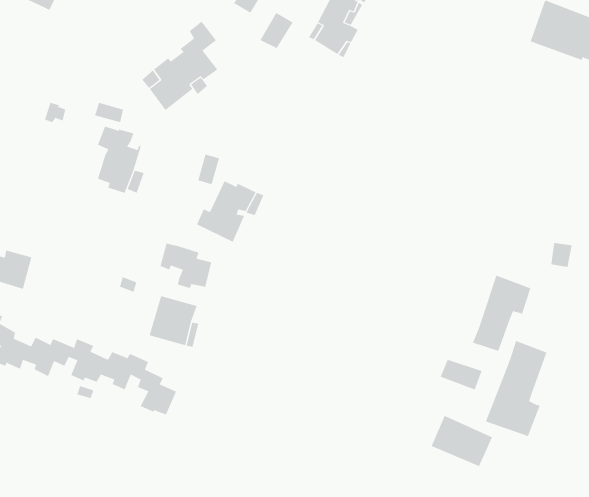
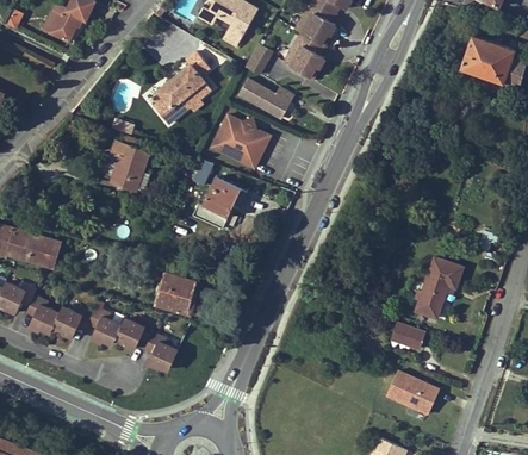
building: none -> [235,75,294,120]
building: none -> [211,114,271,168]
building: [160,243,212,289] -> none
building: [485,340,547,437] -> none

